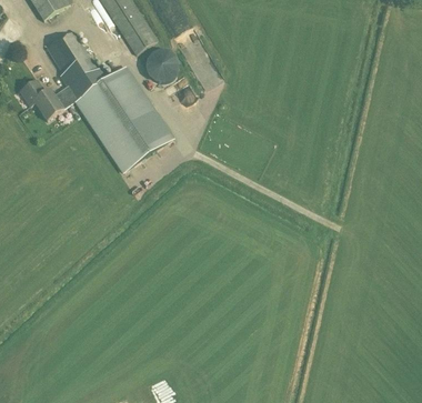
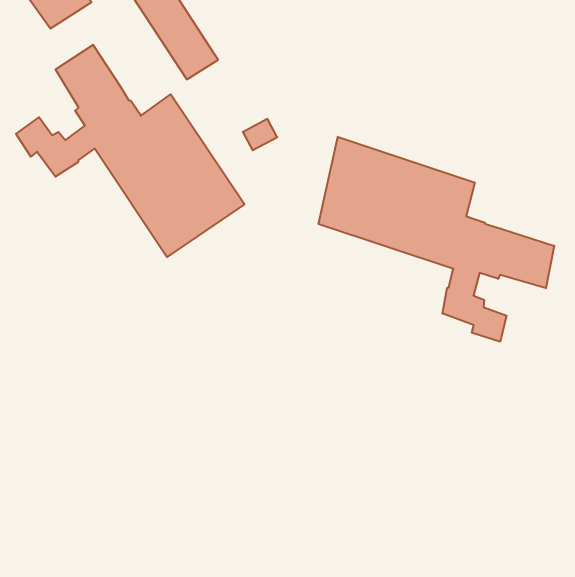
building: [144,51,177,83] -> none
building: none -> [319,137,554,342]

